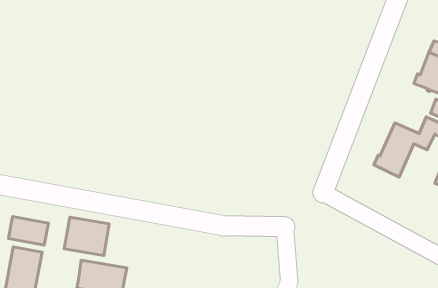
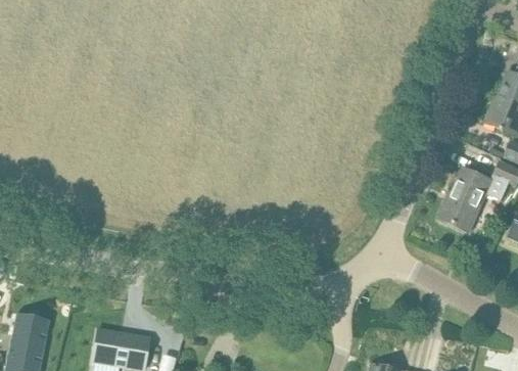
building: [8,217,48,245] -> none
building: [64,217,109,256] -> none

